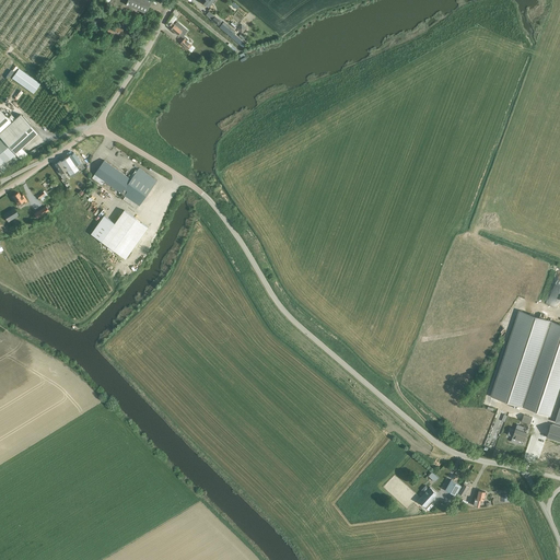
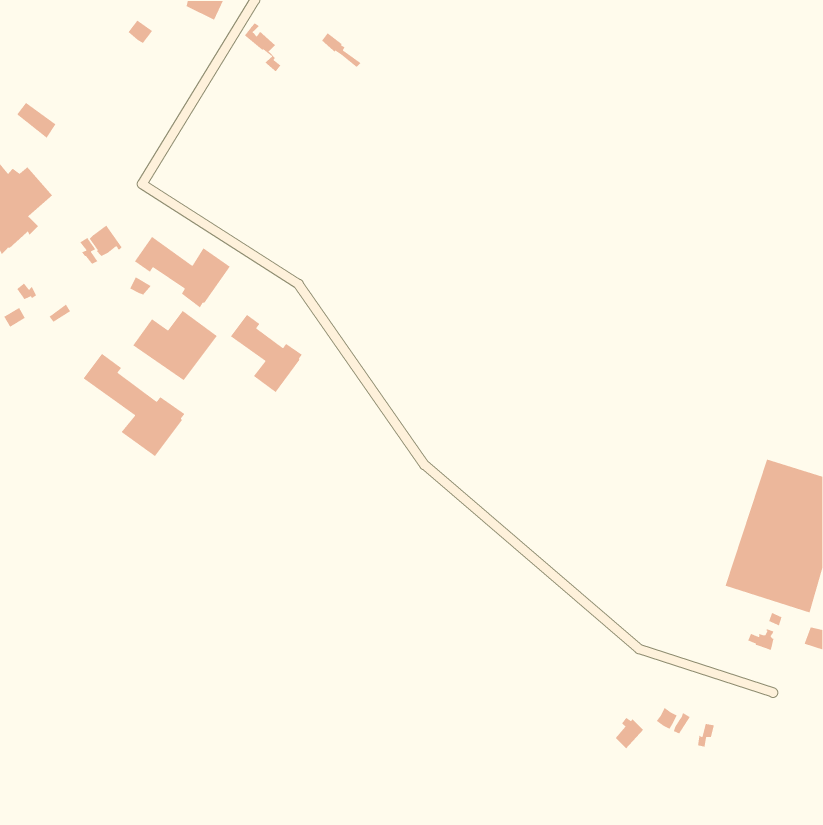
building: none -> [230,314,303,393]
building: none -> [83,353,186,457]

